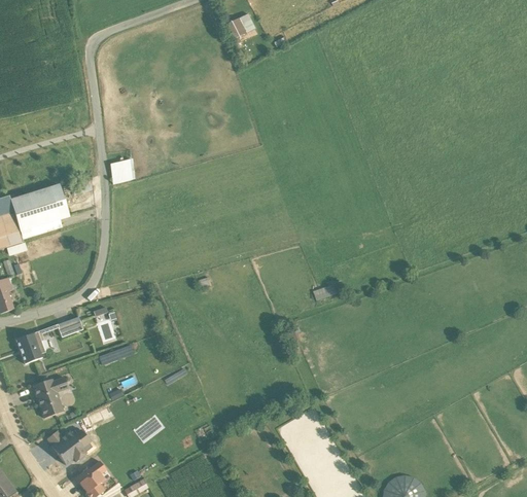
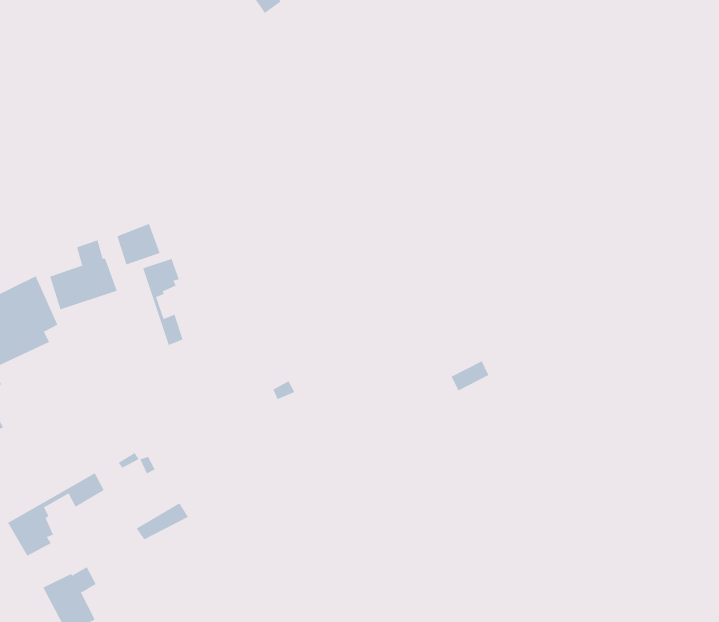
building: none -> [50,240,117,310]
building: none -> [142,258,183,346]

